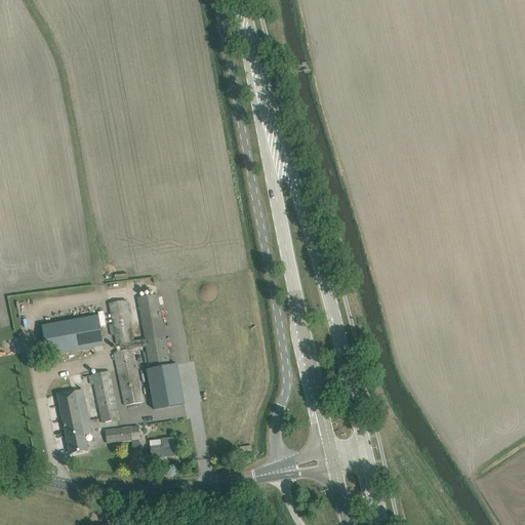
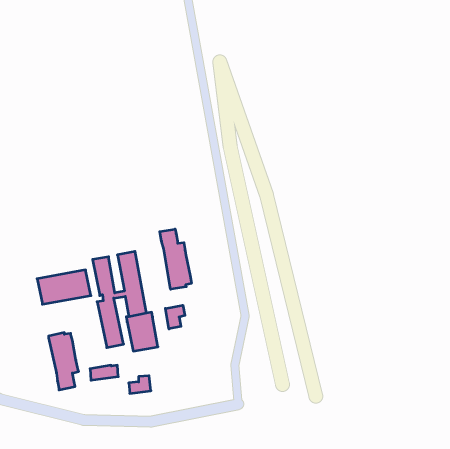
building: none -> [160,229,191,289]
building: none -> [165,305,185,329]
building: [91,369,119,421] -> none

